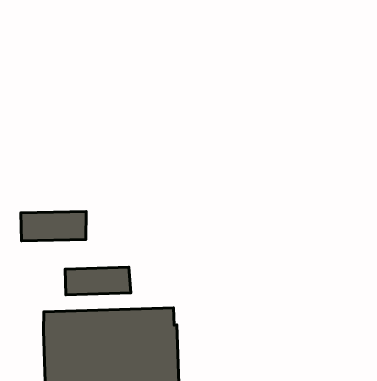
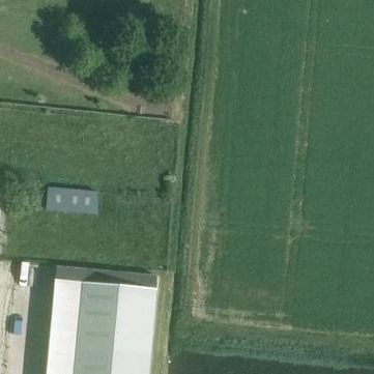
building: [65,267,131,295] -> none

